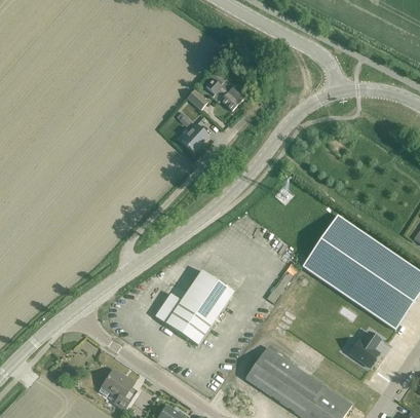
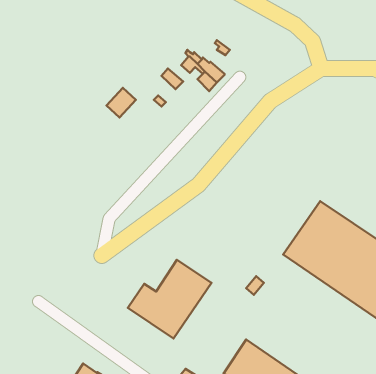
building: [181,124,208,152] -> [107,88,136,117]
building: [349,332,380,368] -> none

